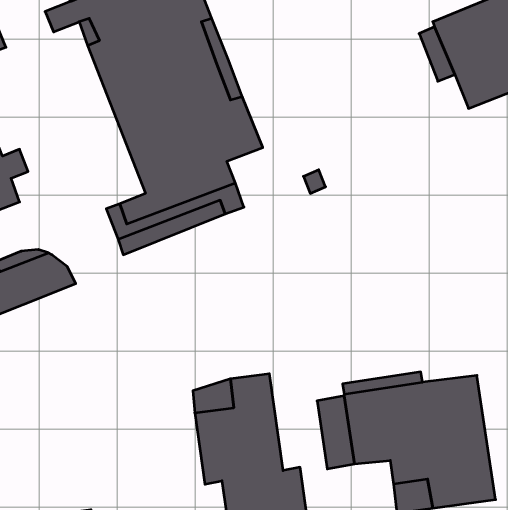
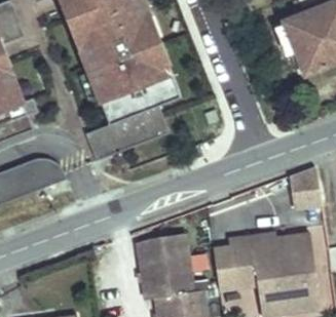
building: none -> [289,165,321,207]

